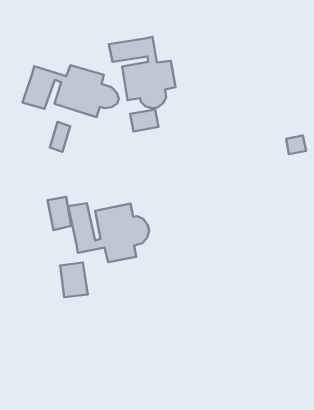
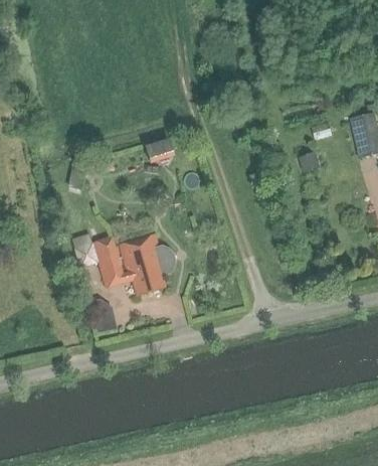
building: [109,37,176,108] -> none
building: [22,65,119,117] -> none

